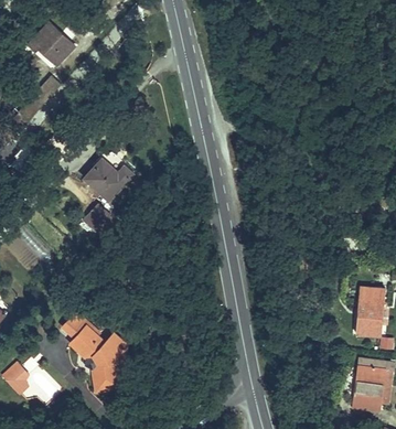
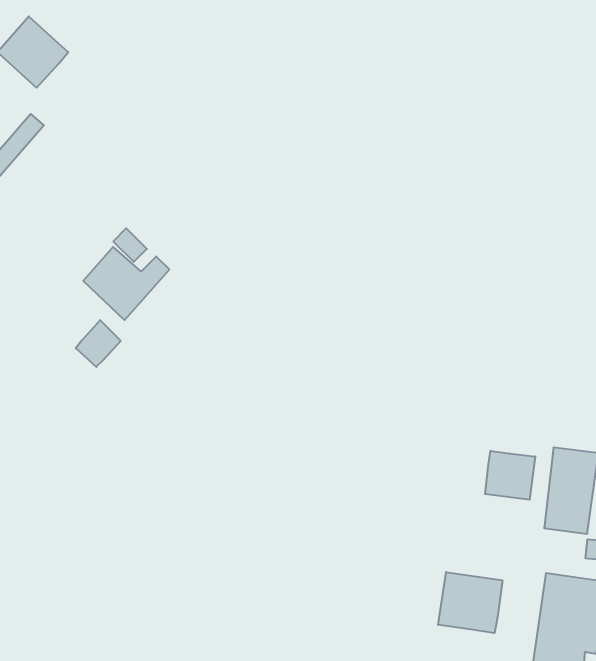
building: none -> [485,451,535,500]
building: [62,310,126,387] -> none
building: none -> [438,572,502,633]

